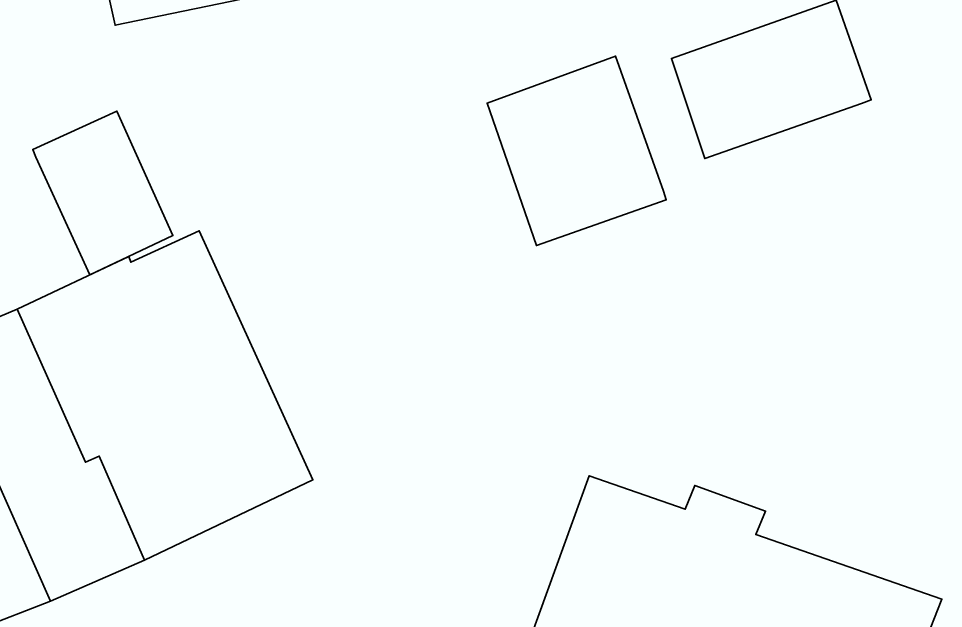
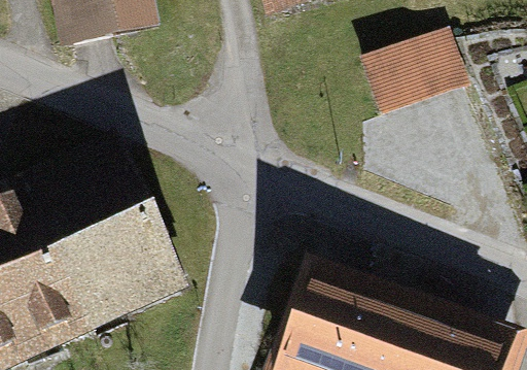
building: [487,56,666,246] -> none
building: [33,111,173,275] -> none

